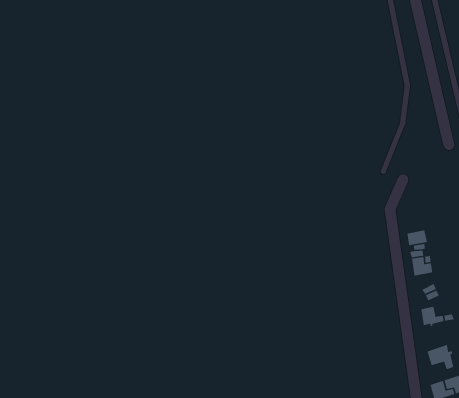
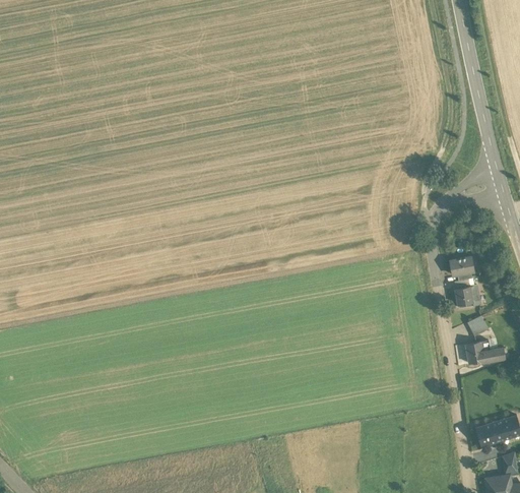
building: [426,344,454,370] -> none

